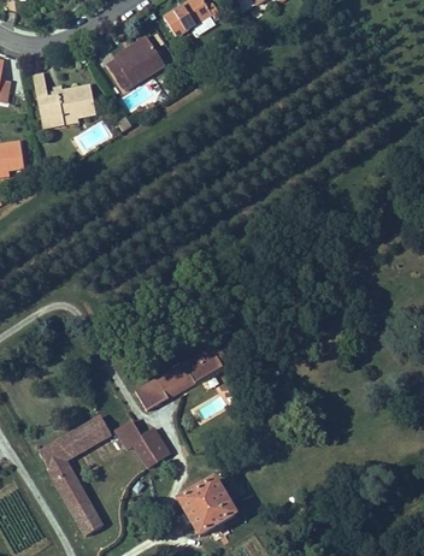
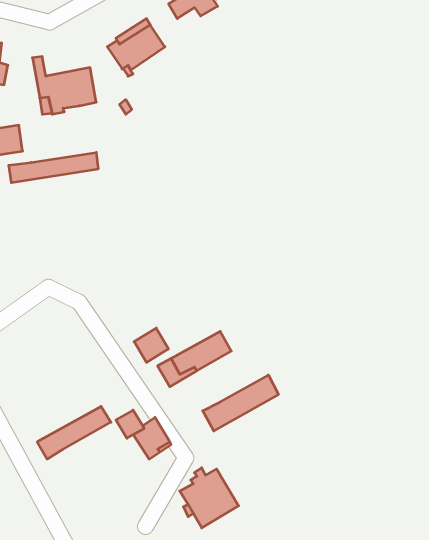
building: none -> [9,152,98,183]
building: [135,377,169,410] -> [134,328,168,362]
building: none -> [203,375,278,431]
building: [48,459,102,534] -> none

